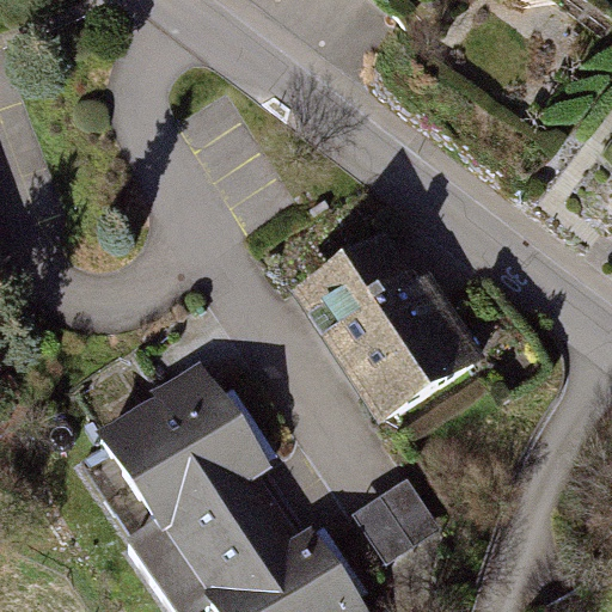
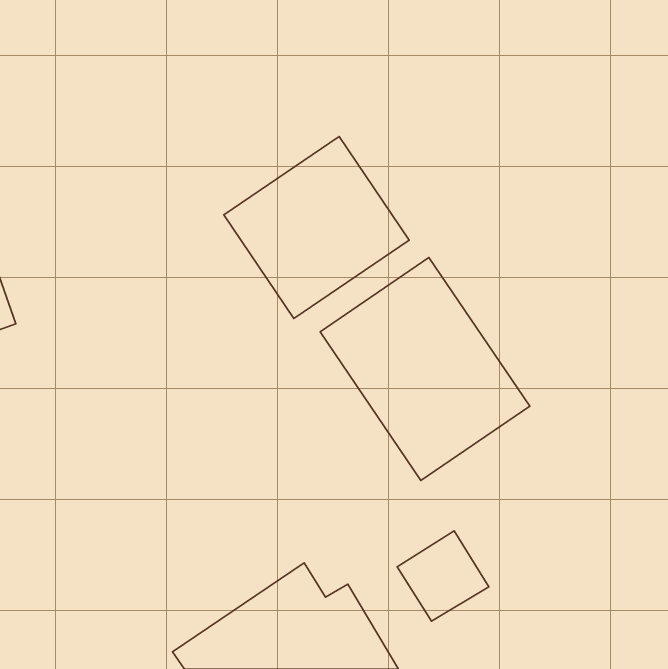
building: none -> [224,136,409,318]
building: [104,332,274,587] -> none

